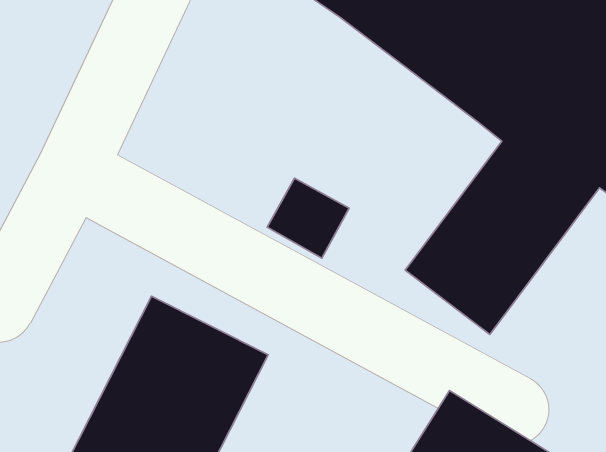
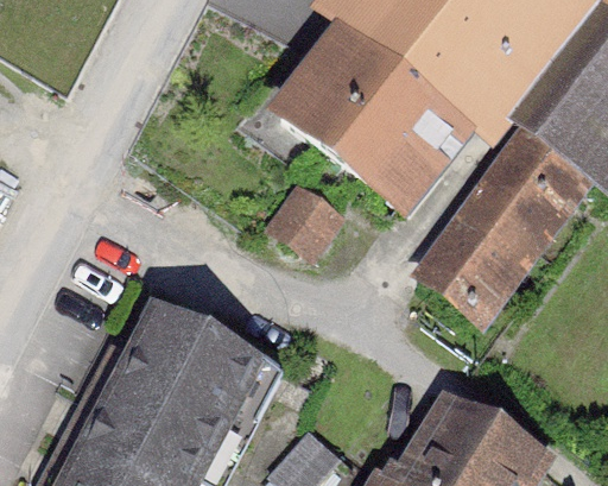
building: none -> [271,23,477,217]

